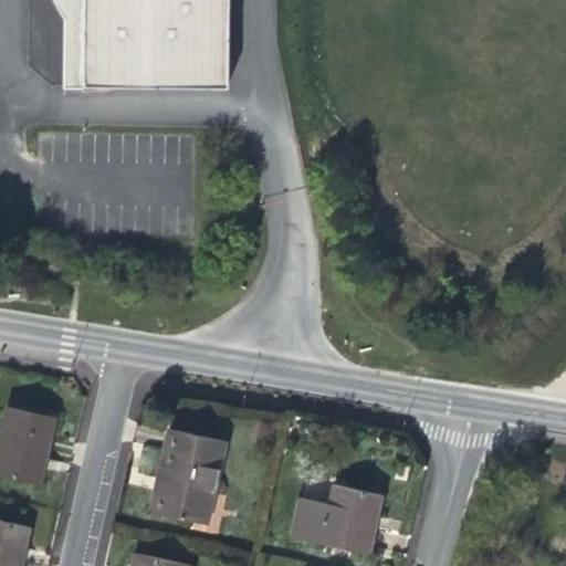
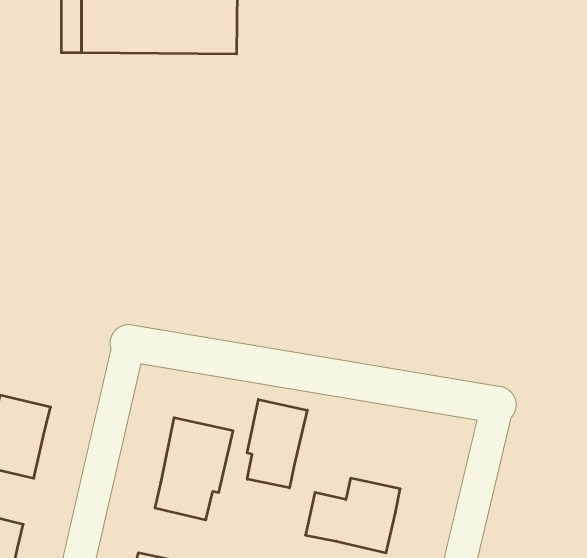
building: none -> [247,399,307,488]

